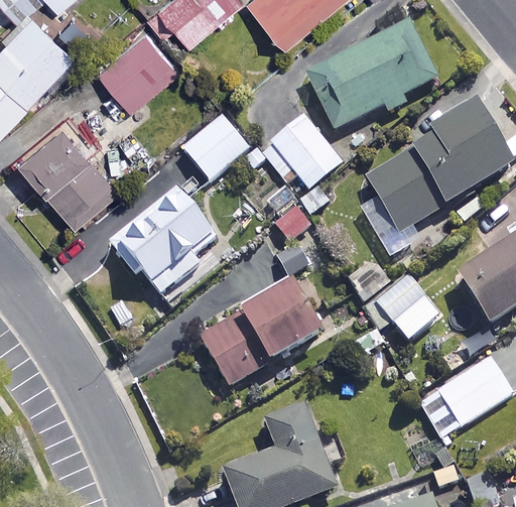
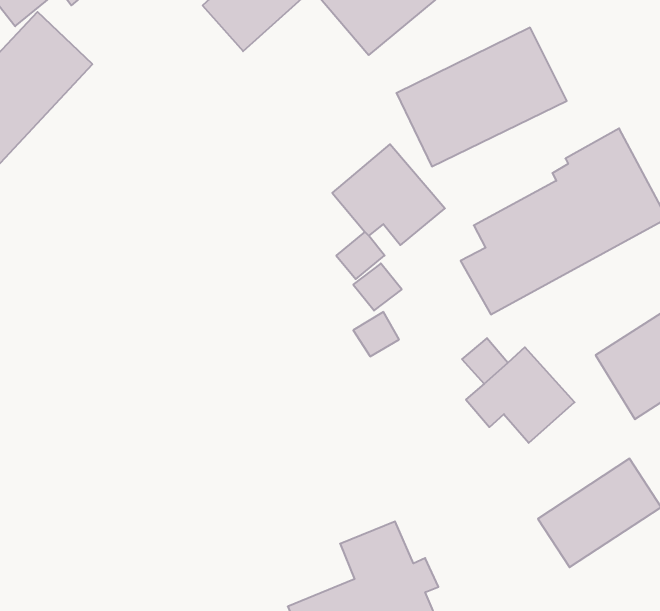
building: [99,29,175,104] -> none
building: [181,113,248,179] -> none
building: [20,120,116,219] -> none
building: [109,185,216,292] -> none
building: [202,281,326,385] -> none

